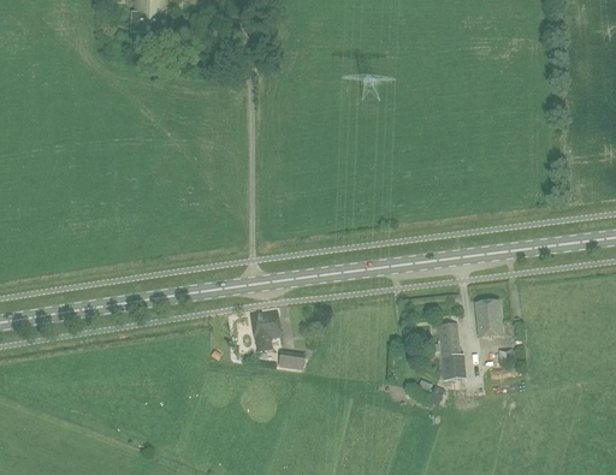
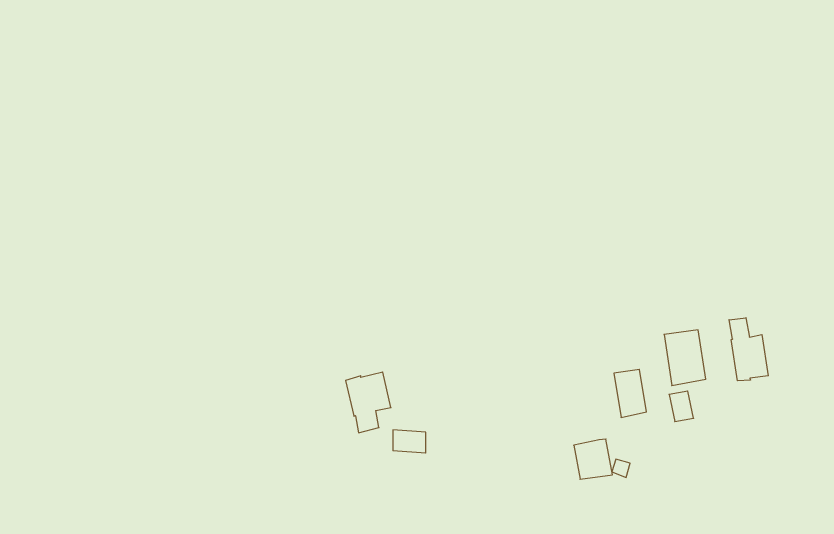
building: none -> [729,318,768,381]
building: [440,354,466,380] -> [574,439,612,479]

